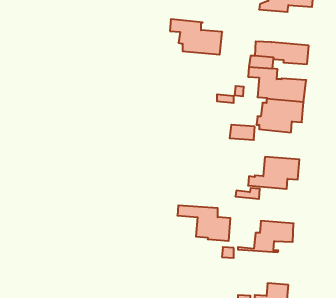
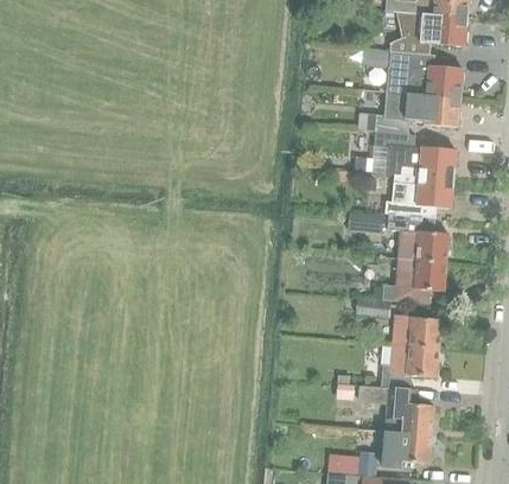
building: [170,19,222,55] -> [389,50,463,100]
building: none -> [388,217,448,260]
building: none -> [392,313,441,350]
building: [177,205,230,241] -> [358,387,433,437]

